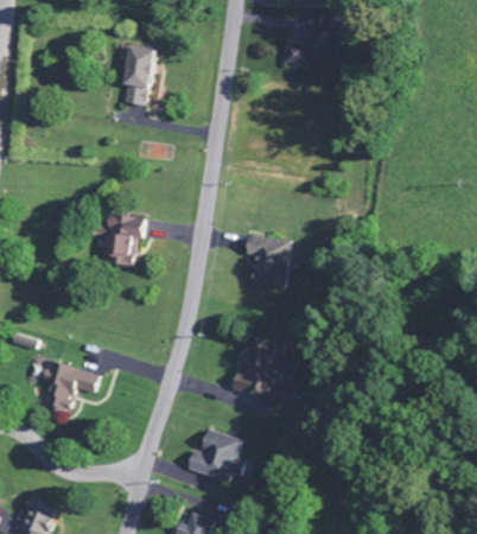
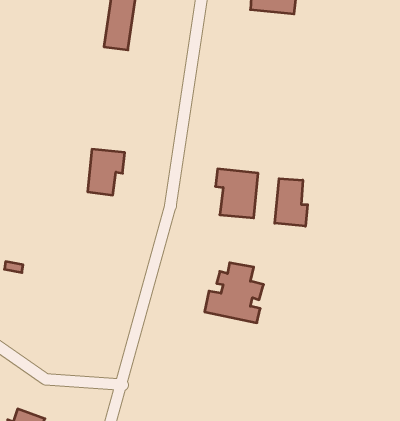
building: none -> [275,179,308,226]
building: [37,358,97,414] -> none
building: [185,428,244,482] -> none

